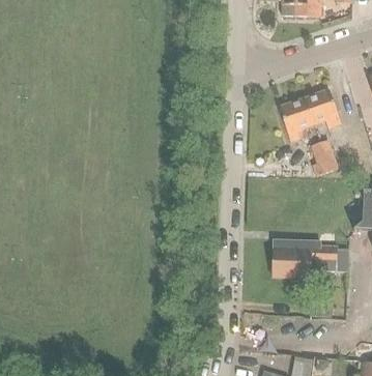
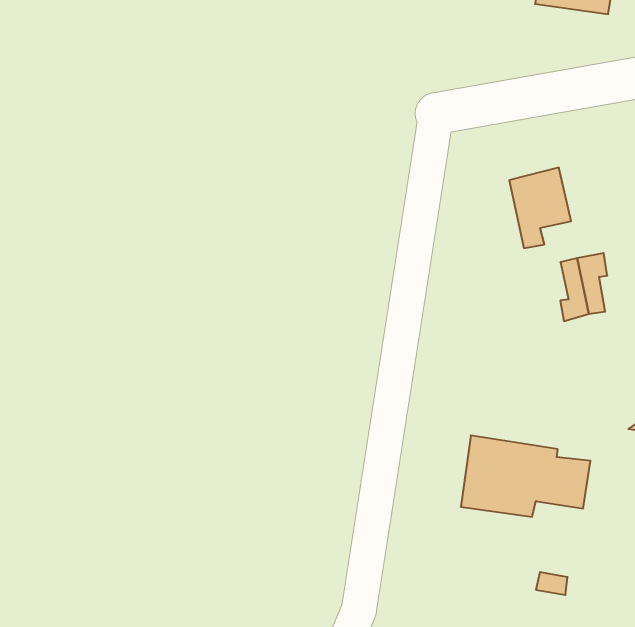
building: [303,88,340,126] -> none

